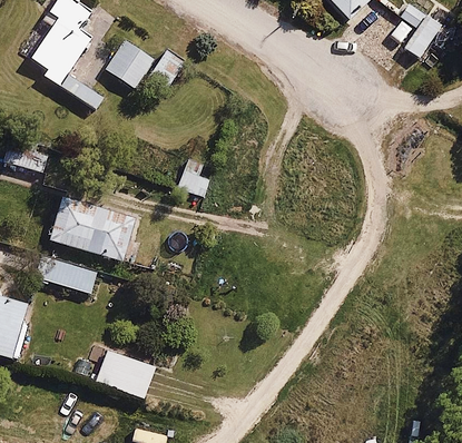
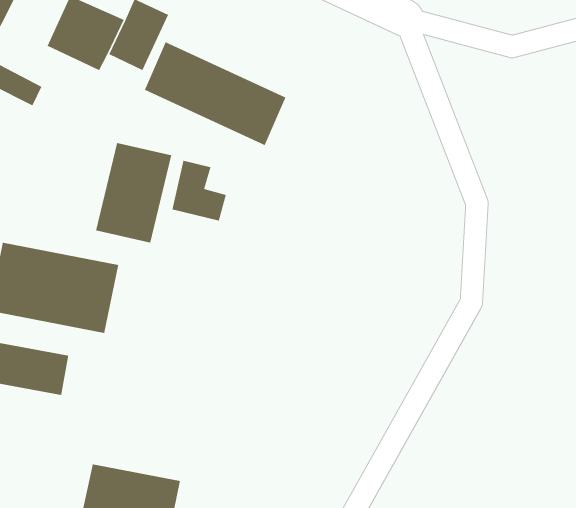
building: none -> [144,41,287,146]
building: none -> [95,142,172,243]

